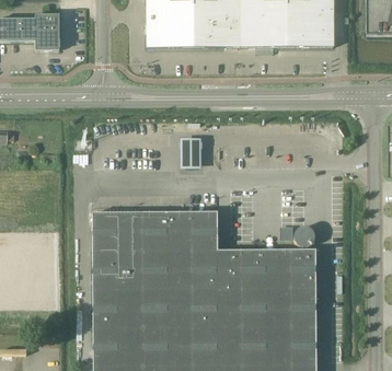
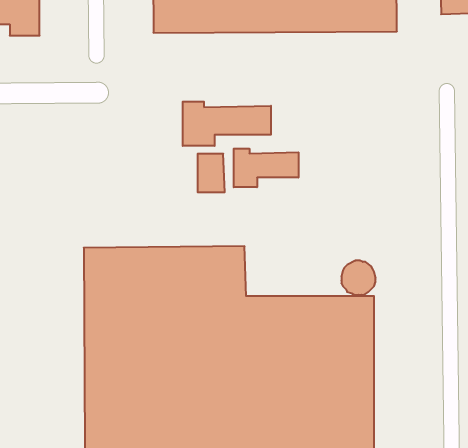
building: none -> [183,102,271,146]
building: none -> [234,149,298,187]

